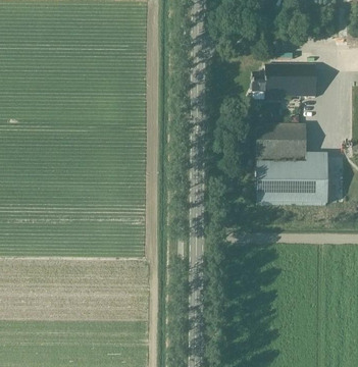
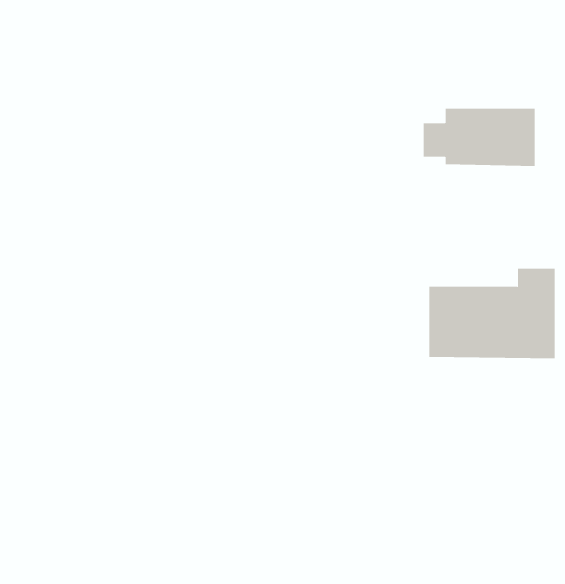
building: [259,124,306,162] -> none

